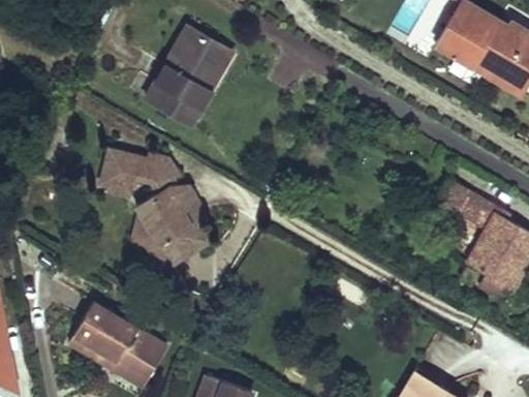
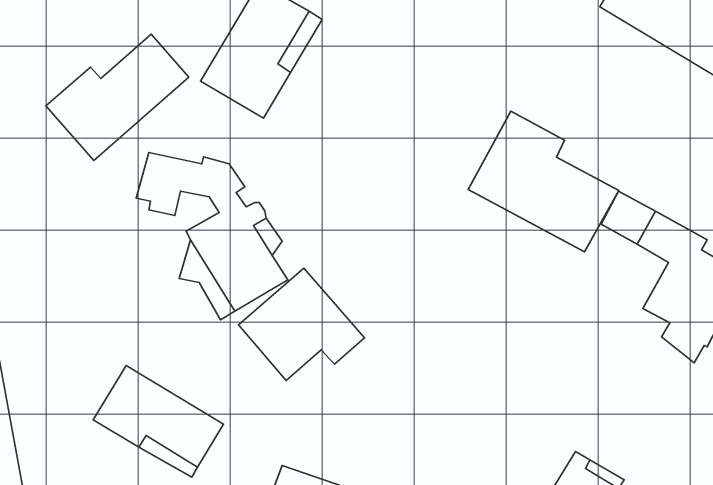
building: none -> [46,34,189,160]
building: none -> [468,111,619,252]
building: none -> [239,268,365,380]

